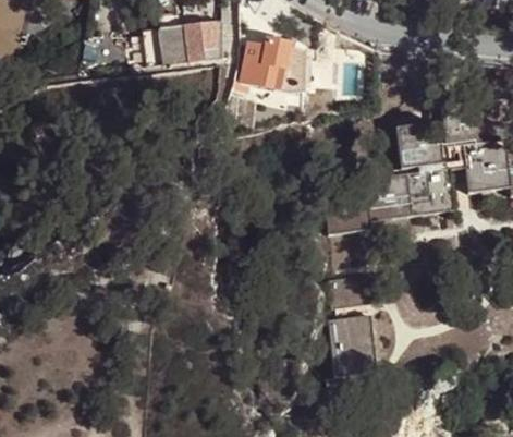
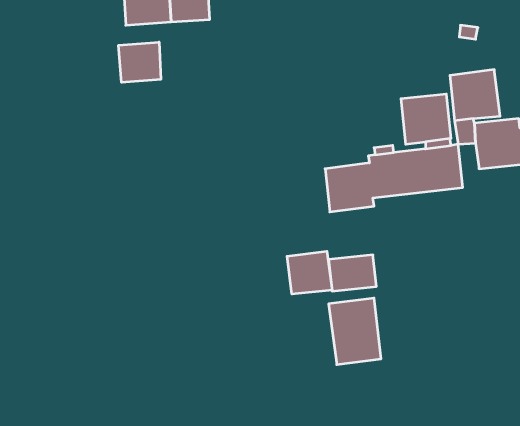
building: [242,41,295,94] -> none
building: none -> [119,42,161,82]
building: none -> [287,251,332,294]

